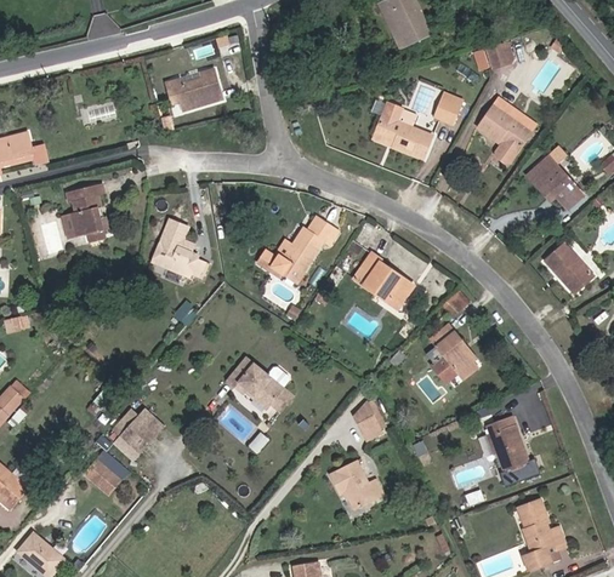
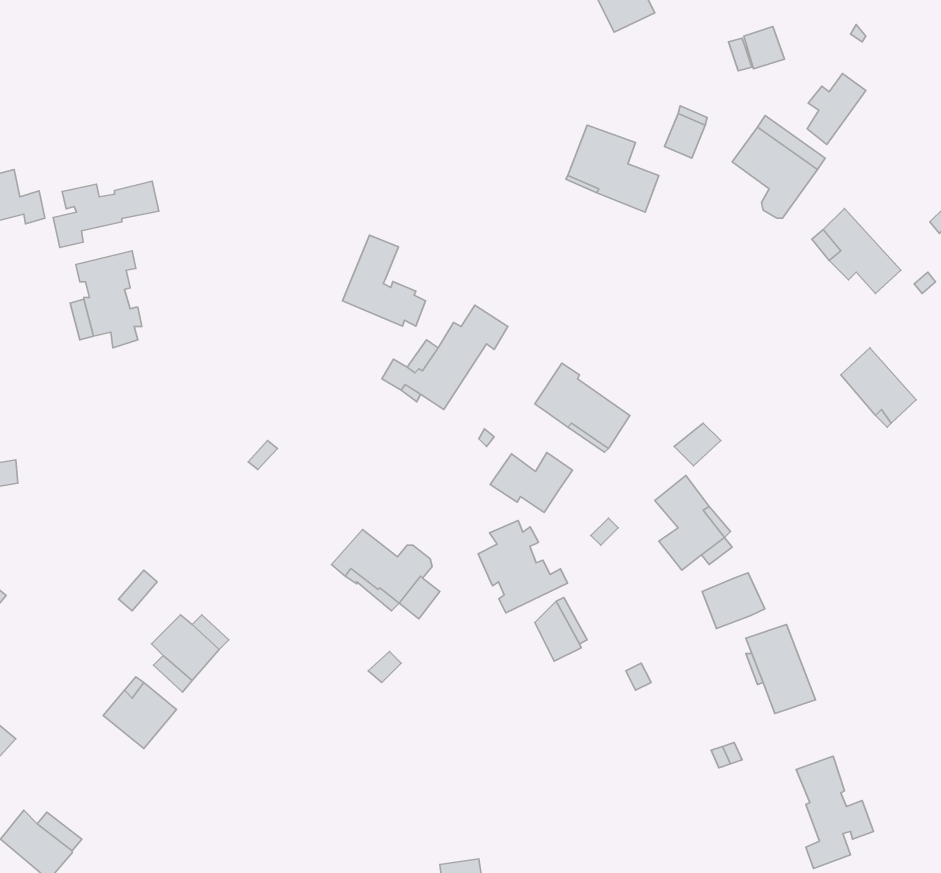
building: [166,70,221,112] -> none
building: none -> [807,73,866,144]
building: none -> [53,181,159,247]
building: [152,221,204,278] -> [342,235,426,326]
building: none -> [490,452,572,512]
building: none -> [478,520,567,613]
building: none -> [702,573,765,628]
building: [330,462,382,509] -> none

